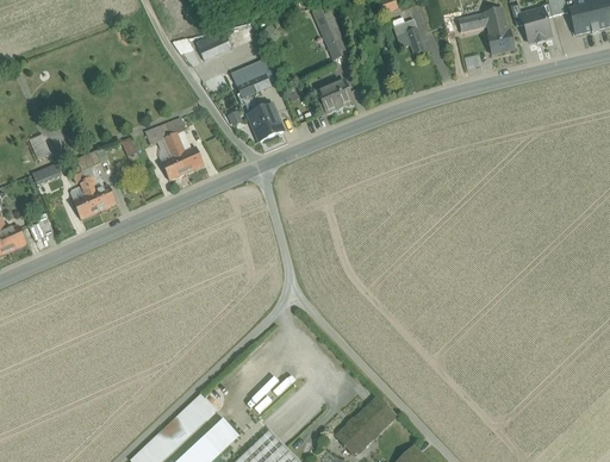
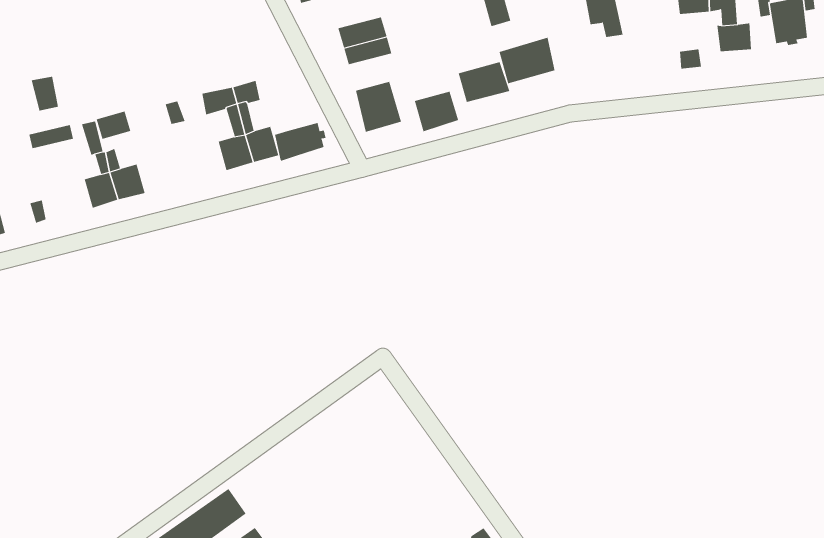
building: none -> [499,37,555,84]
building: none -> [414,91,459,132]
building: none -> [274,122,326,161]

